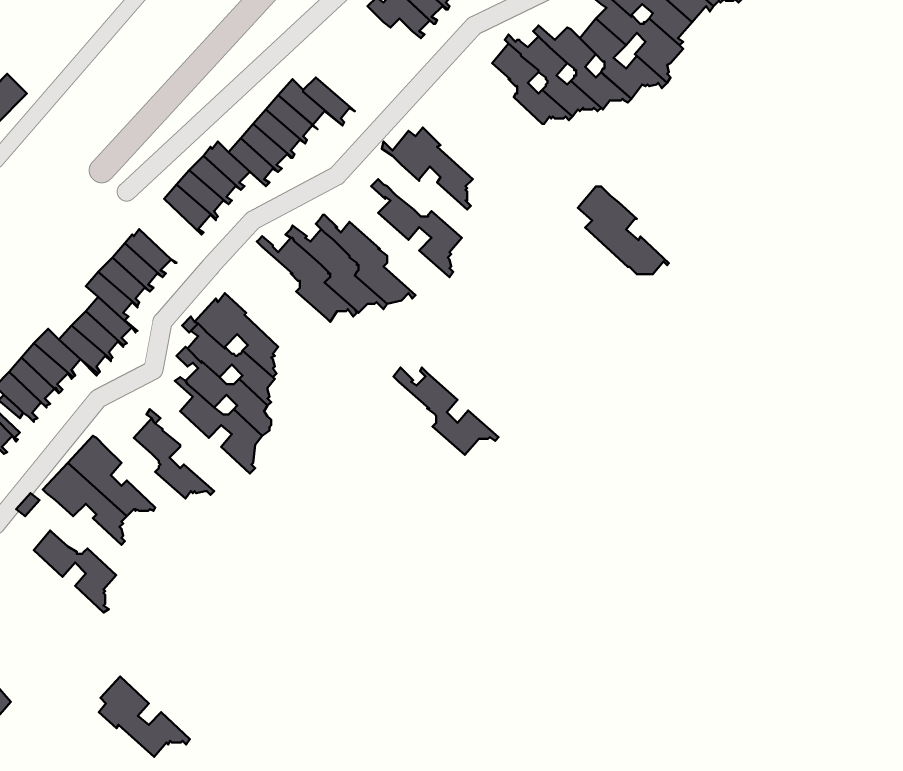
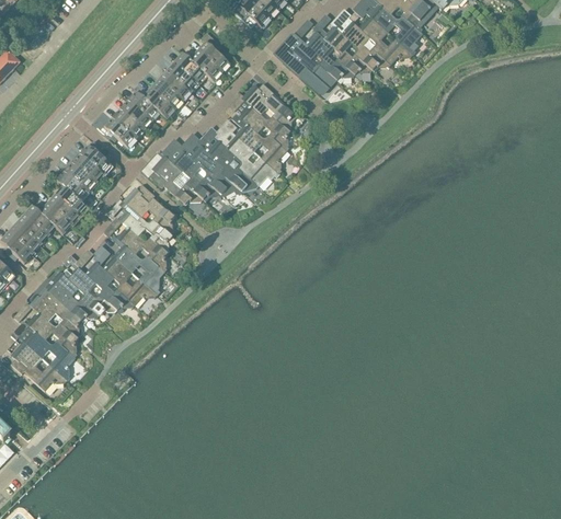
building: none -> [197,33,229,72]
building: none -> [239,105,290,150]
building: [578,187,669,274] -> [280,33,336,86]
building: none -> [149,155,204,205]
building: [393,368,499,455] -> [215,131,279,185]
building: none -> [62,254,117,315]
building: none -> [103,256,157,305]
building: none -> [27,311,78,357]
building: [99,677,190,757] -> [11,342,67,391]

